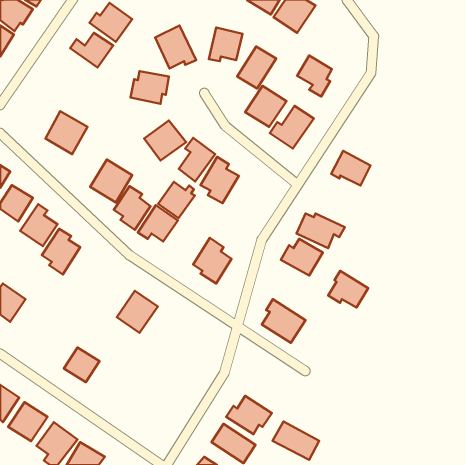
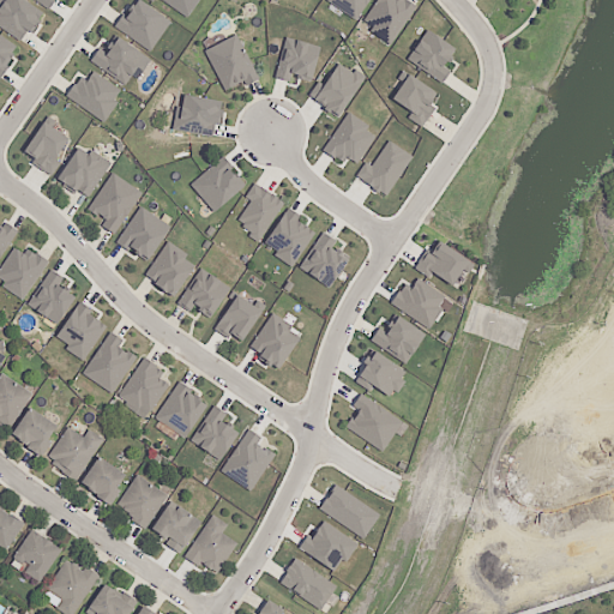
building: none -> [405,29,455,83]
building: none -> [72,73,125,124]
building: none -> [26,128,73,181]
building: none -> [91,179,143,233]
building: [331,151,370,186] -> [417,240,469,285]
building: none -> [299,234,350,287]
building: [158,182,195,218] -> [221,299,269,347]
building: none -> [80,326,133,386]
building: none -> [121,356,171,408]
building: [328,271,368,307] -> [354,349,407,397]
building: none -> [189,404,239,459]
building: none -> [14,407,62,455]
building: none -> [48,426,107,480]
building: none -> [219,428,273,490]
building: none -> [120,474,170,524]
building: none -> [154,504,203,552]
building: none -> [191,514,240,574]
building: [273,422,319,460] -> [318,486,379,536]

